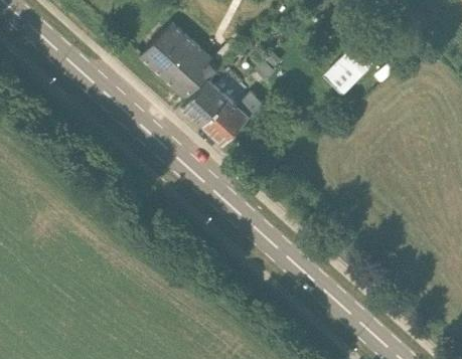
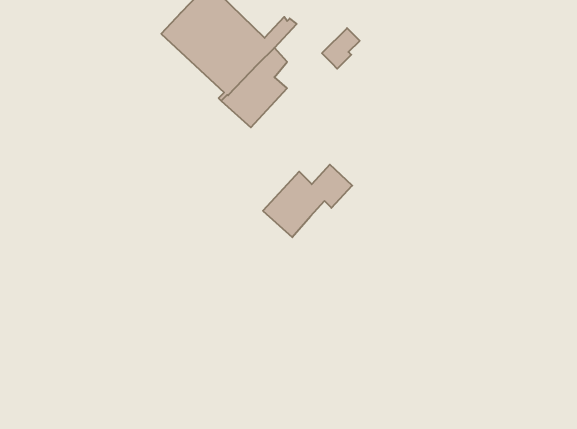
building: [325,54,361,95] -> none
building: [203,92,268,144] -> [263,165,352,237]

